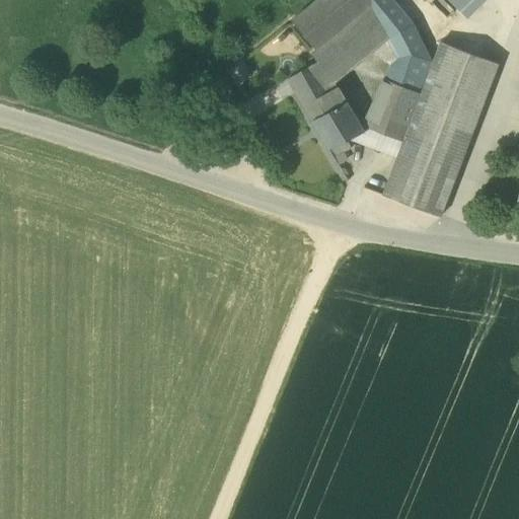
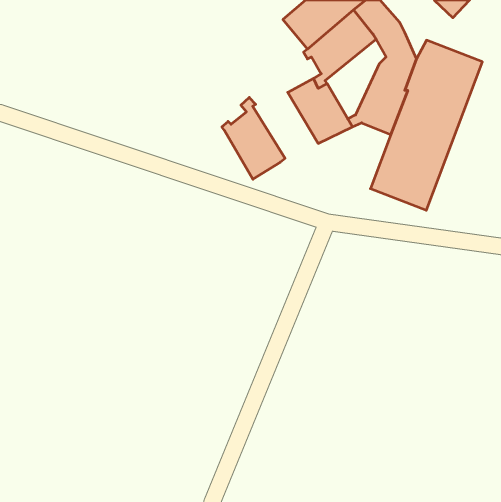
building: [290,59,332,95] -> none
building: none -> [222,97,285,179]

